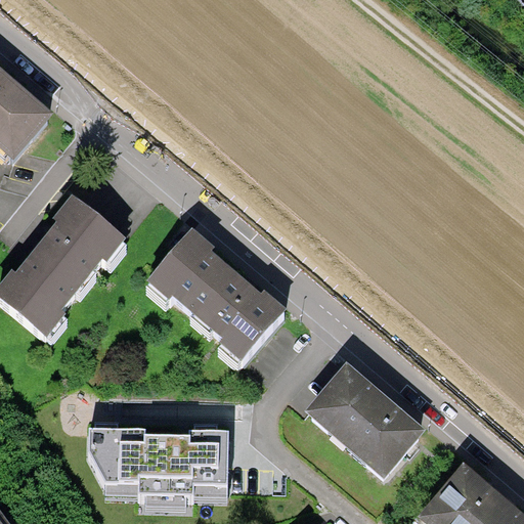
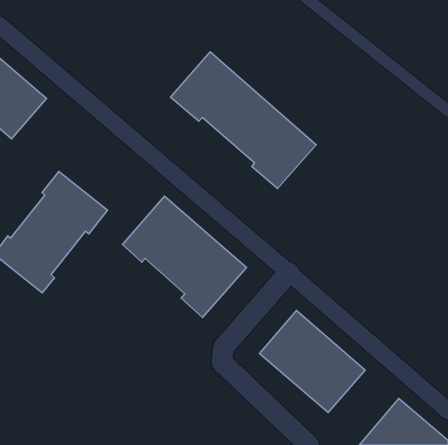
building: none -> [170,52,316,189]
building: [89,422,229,506] -> none

